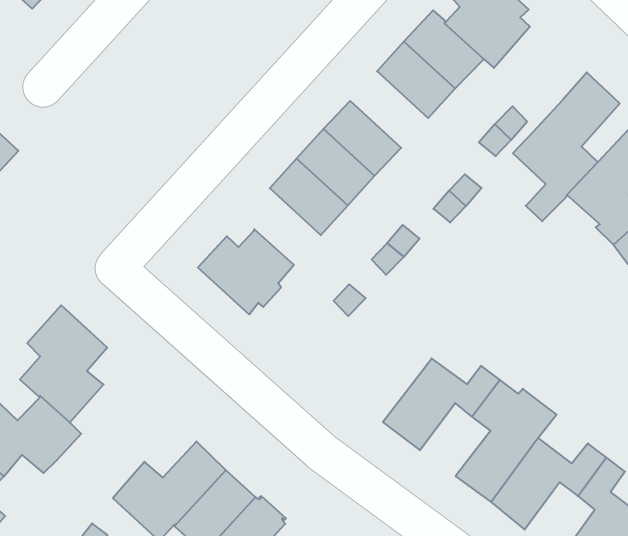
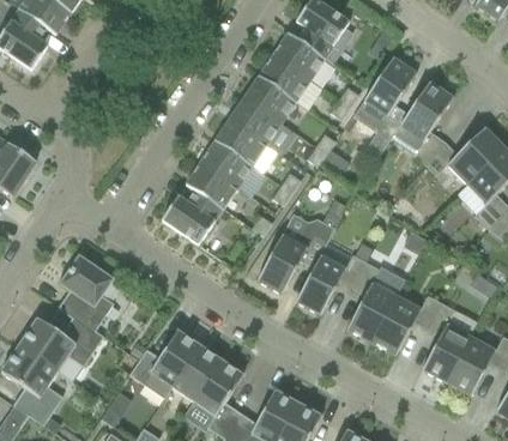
building: none -> [243,75,295,122]
building: none -> [185,161,237,207]
building: none -> [256,218,334,292]

